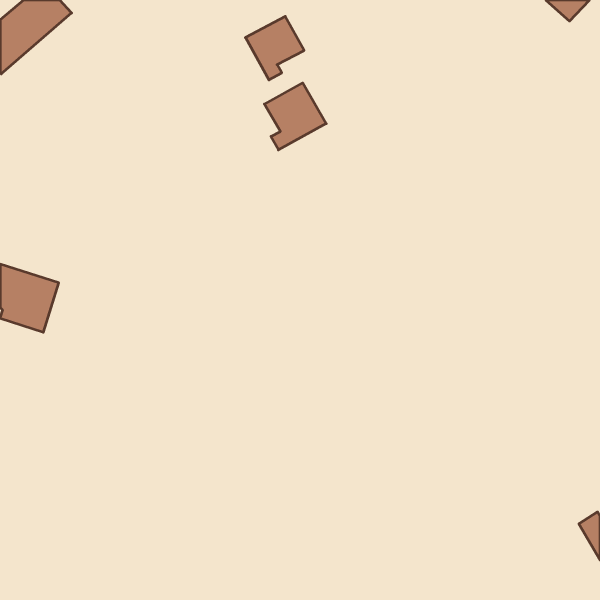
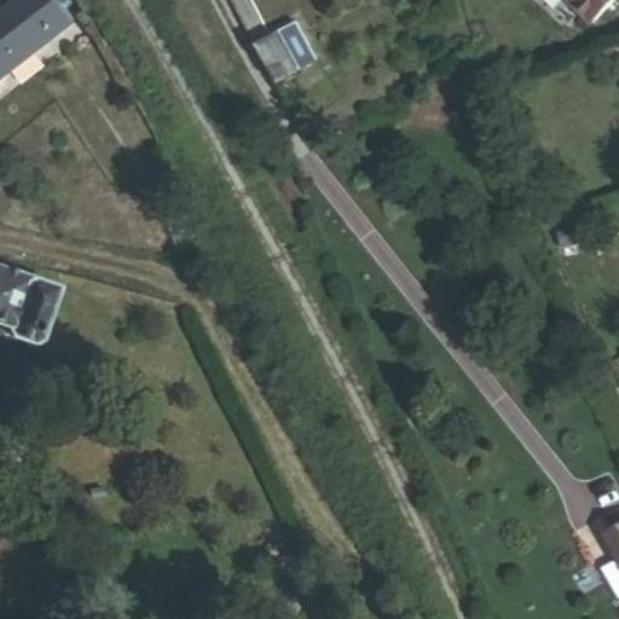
building: [264,83,326,150] -> none

